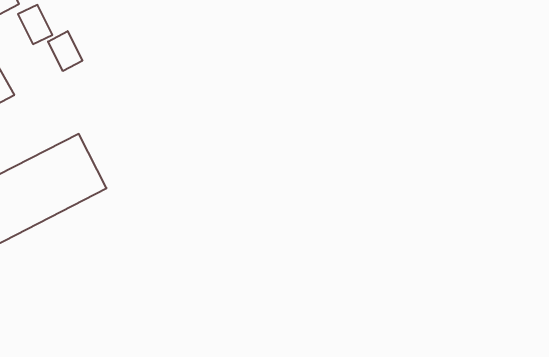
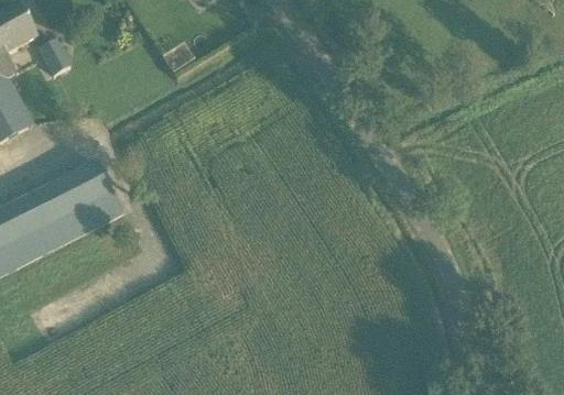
building: [48,31,82,71] -> none

